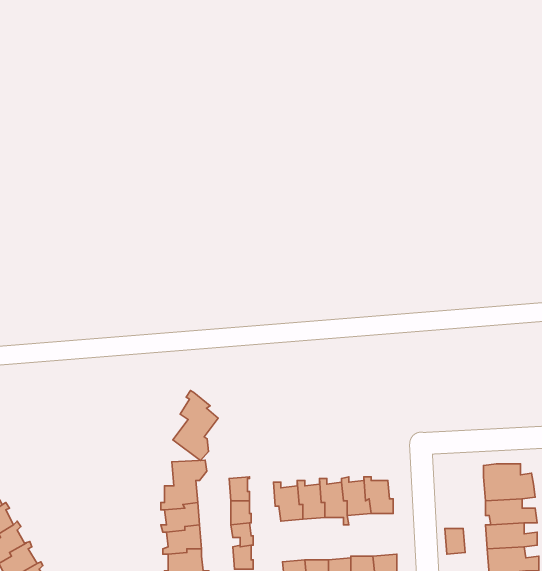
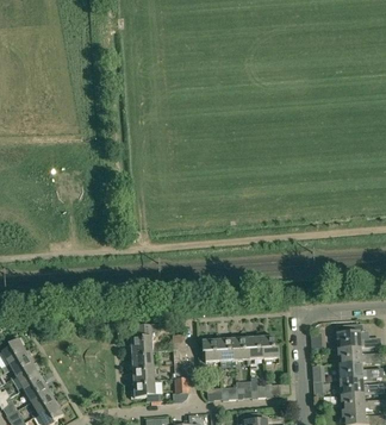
building: [173,390,218,460] -> none

